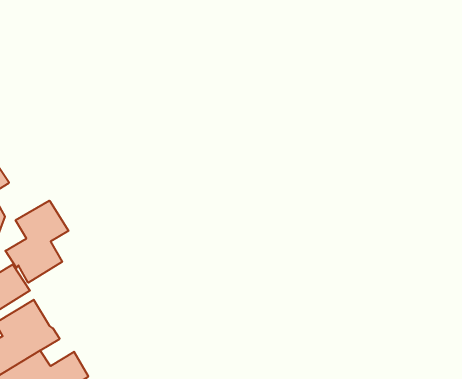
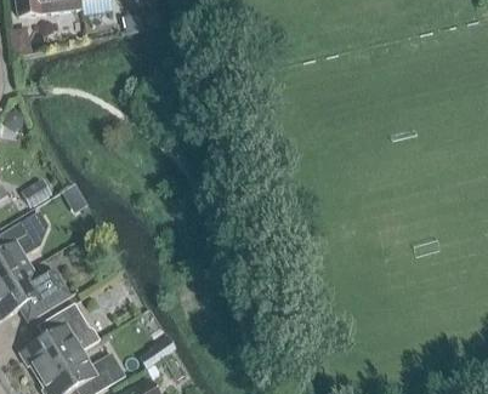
building: [5,201,68,283] -> none

